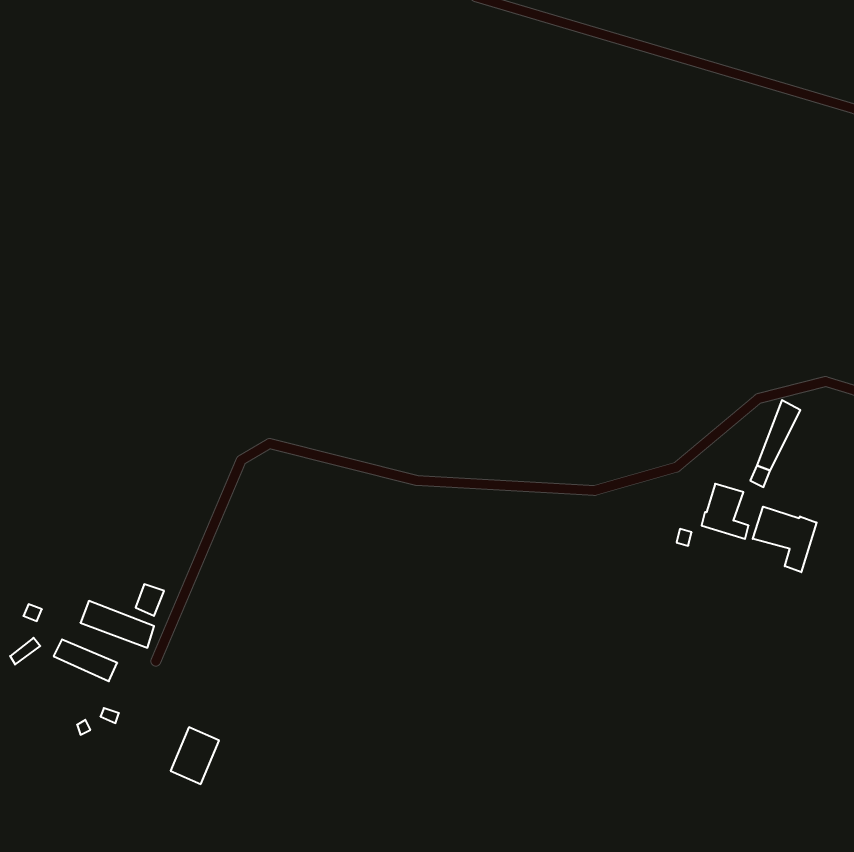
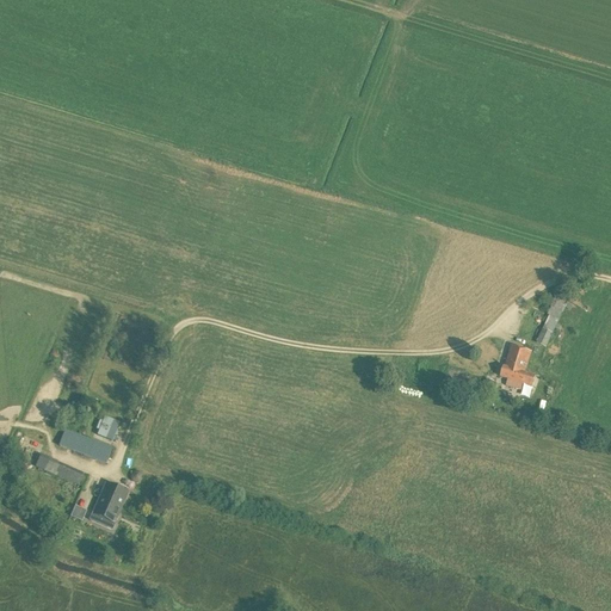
building: [753,507,817,572] -> none
building: [171,727,219,784] -> [92,481,126,521]

